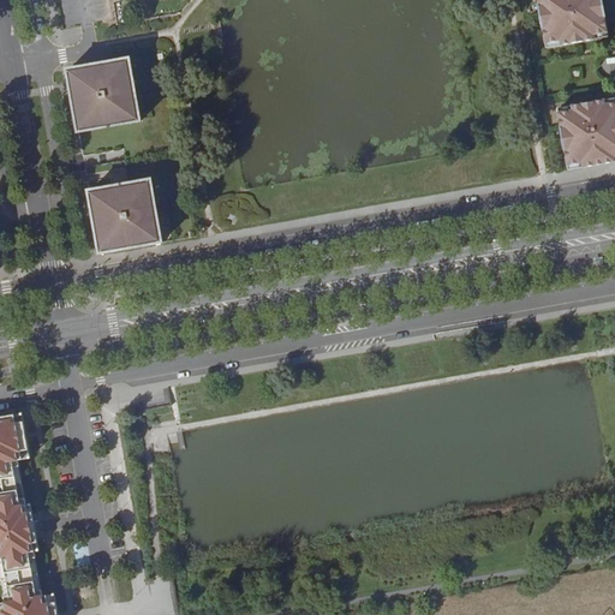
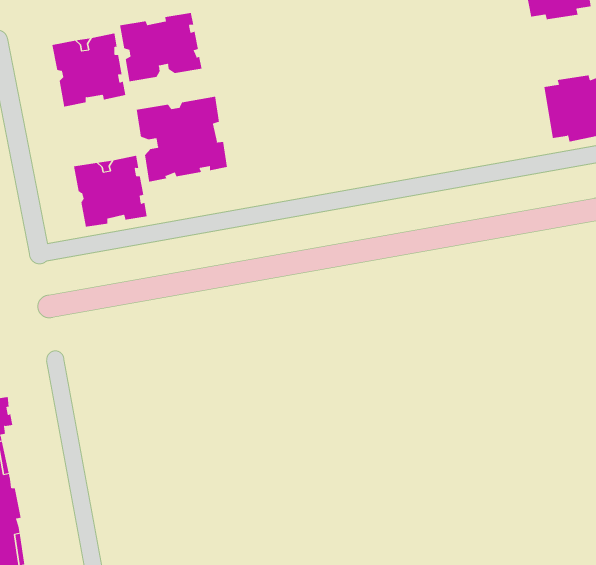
building: none -> [119,12,202,82]
building: none -> [136,96,228,182]

